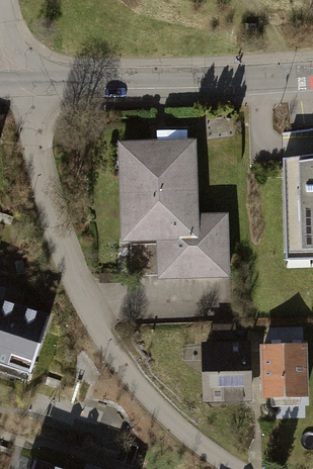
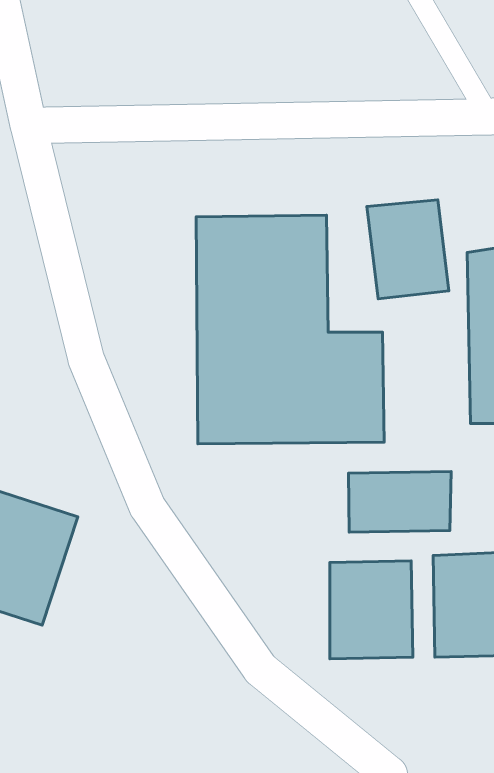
building: none -> [367,200,449,299]
building: none -> [348,471,451,532]

